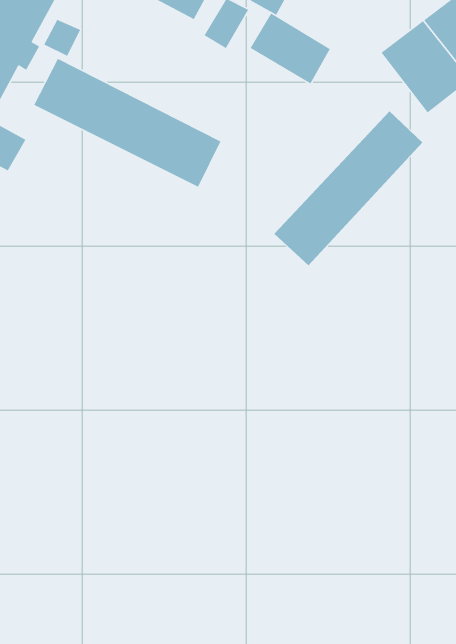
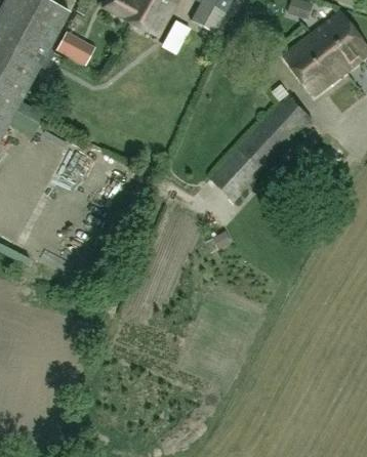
building: [250,13,331,84] -> none
building: [33,58,222,188] -> none

